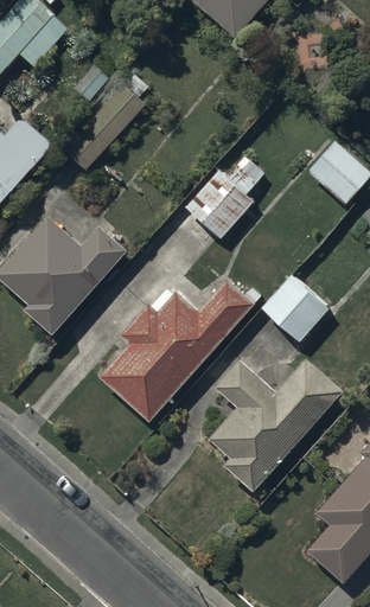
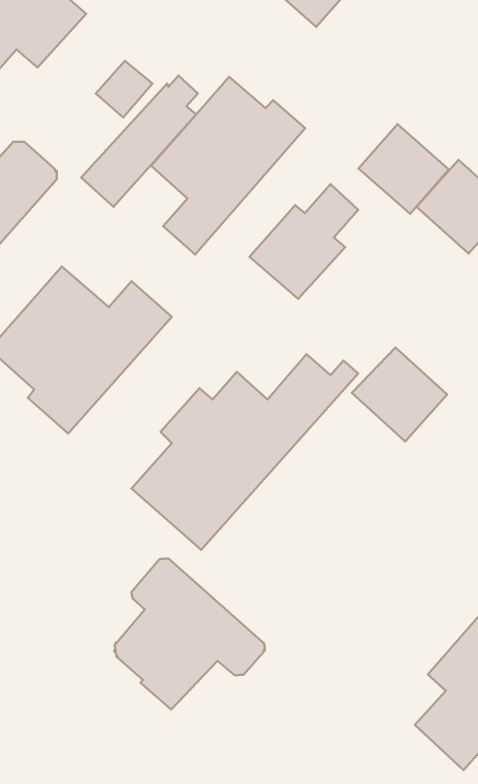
building: none -> [151,77,305,254]
building: none -> [359,124,449,214]
building: [209,357,344,492] -> none
building: none -> [114,558,265,709]

